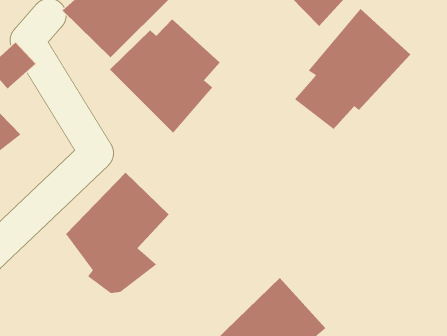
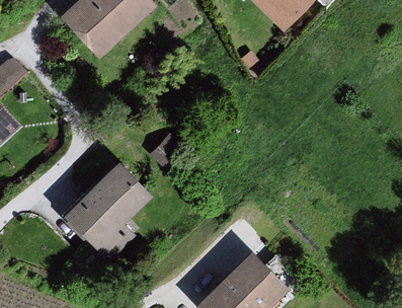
building: [294,8,411,130] -> none
building: [109,18,221,134] -> none

